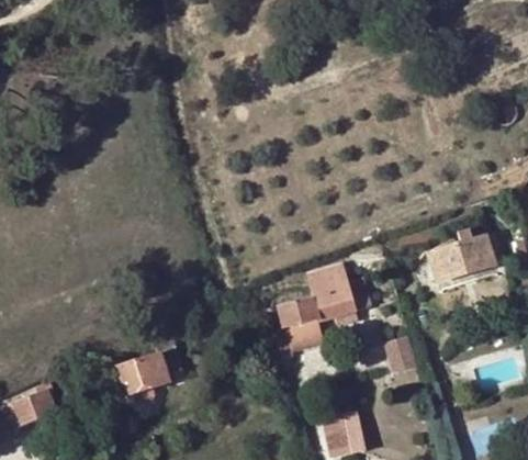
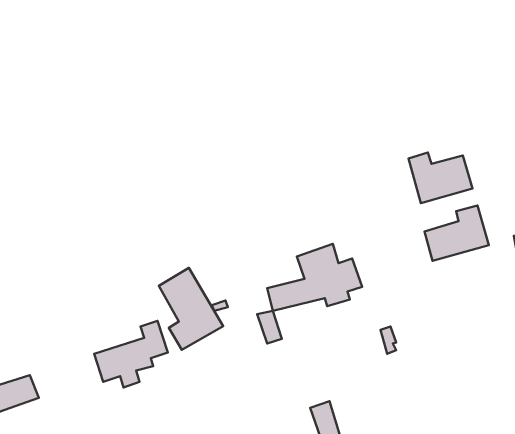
building: none -> [408,153,472,203]
building: none -> [159,268,223,350]

